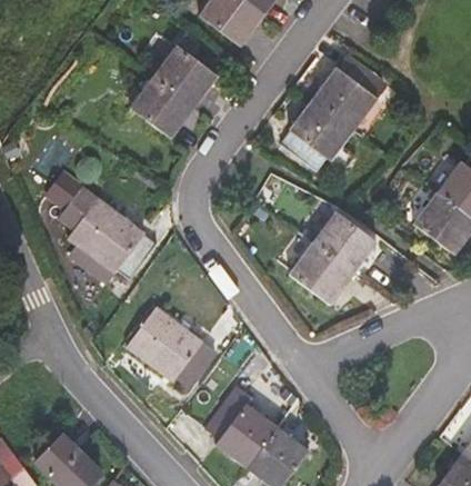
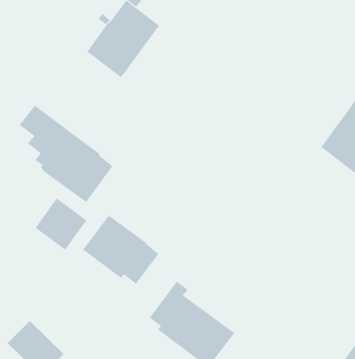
building: [281,54,383,171] -> none
building: [289,210,378,306] -> none
building: none -> [35,198,87,251]

